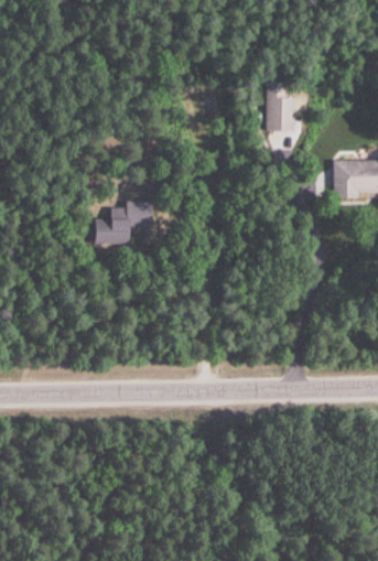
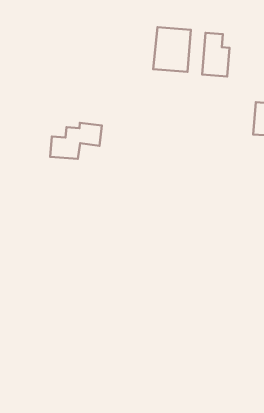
building: none -> [153,27,191,72]

